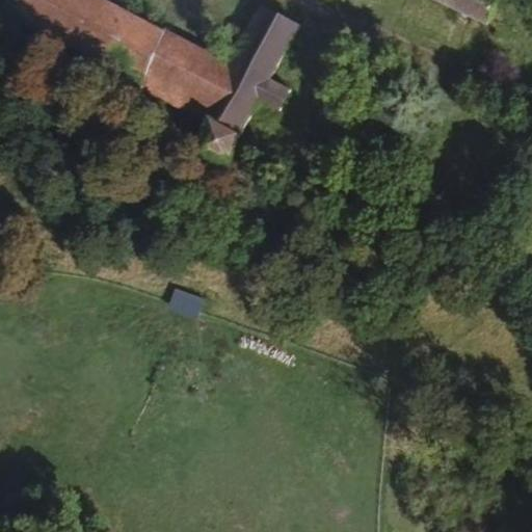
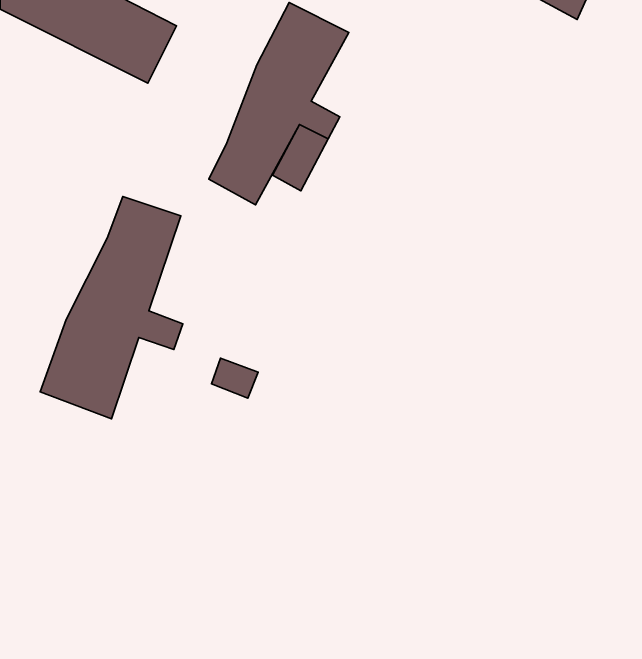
building: [133,21,222,114] -> none
building: none -> [40,196,183,419]

